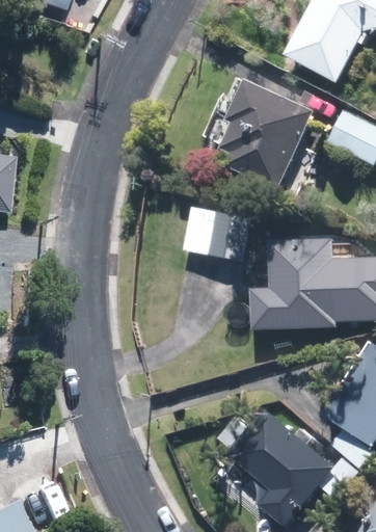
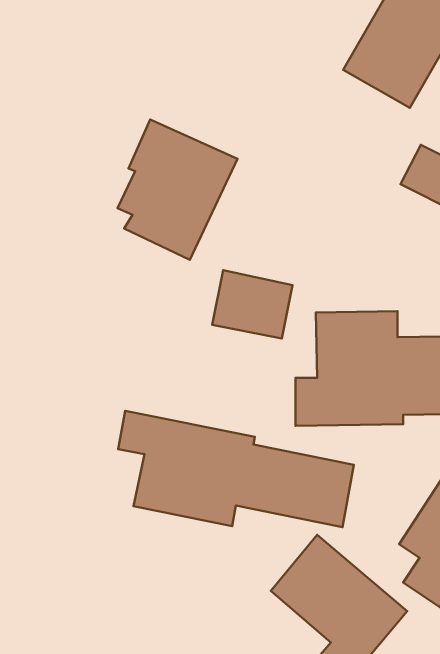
building: [223,81,315,188] -> [117,119,237,260]
building: none -> [118,411,354,527]

